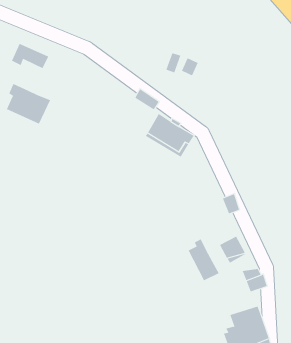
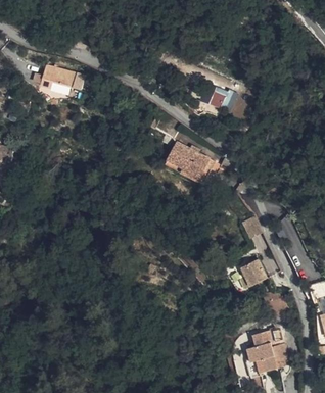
building: [6,83,51,125] -> none
building: [188,239,219,281] -> none

